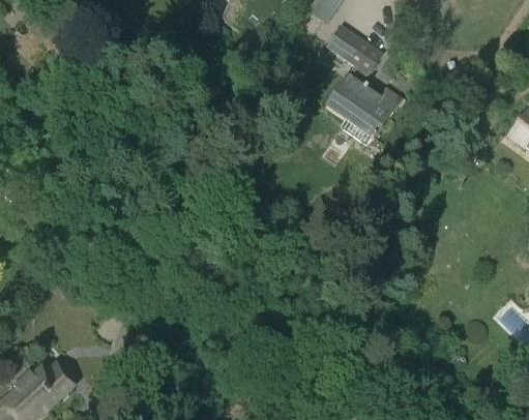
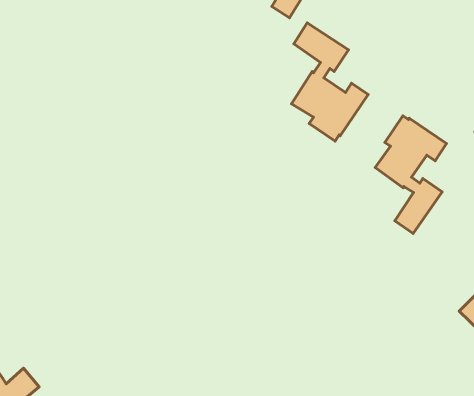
building: none -> [375,116,447,234]

